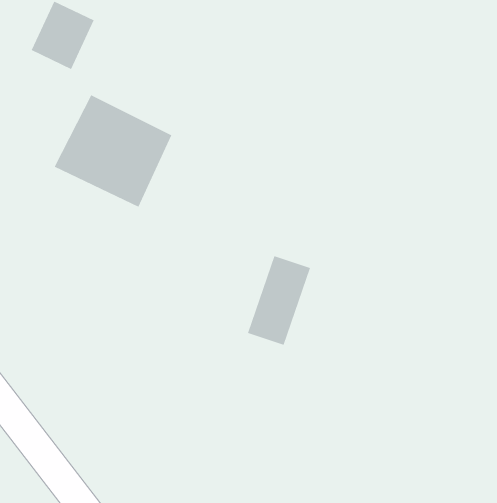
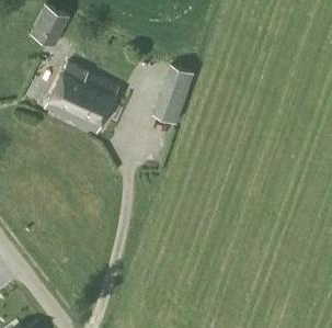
building: [247,255,311,346] -> [153,67,193,123]

